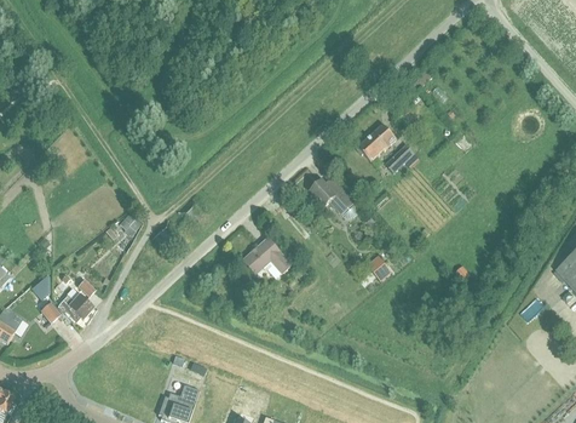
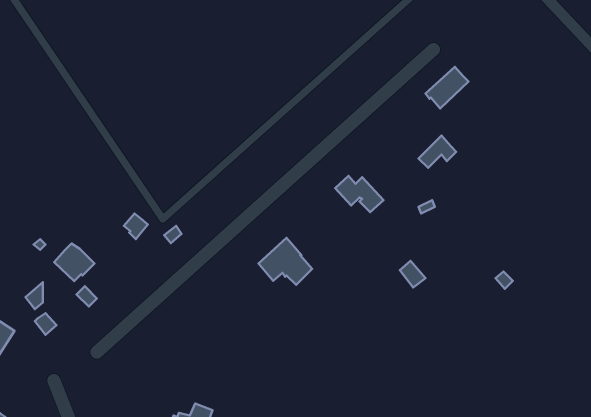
building: [357,124,396,161] -> [425,67,468,108]
building: [57,288,93,322] -> [54,243,95,281]

